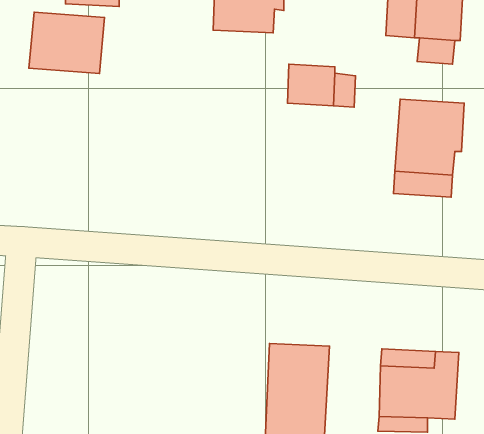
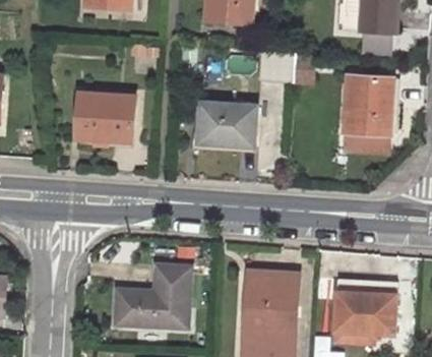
building: [29,12,105,73] -> [72,98,131,145]
building: none -> [199,106,256,152]
building: none -> [115,262,189,324]

